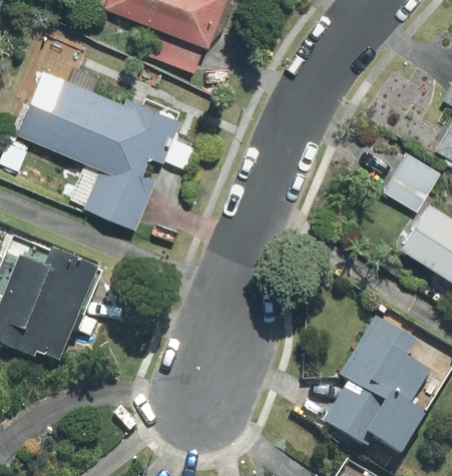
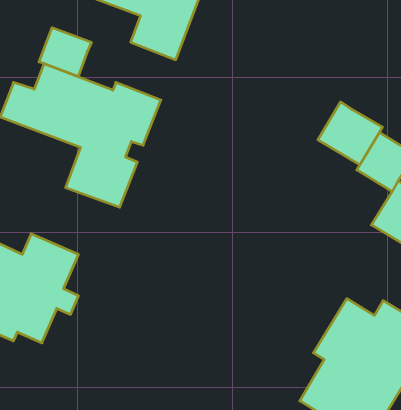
building: none -> [39,28,91,77]
building: none -> [318,102,382,165]

